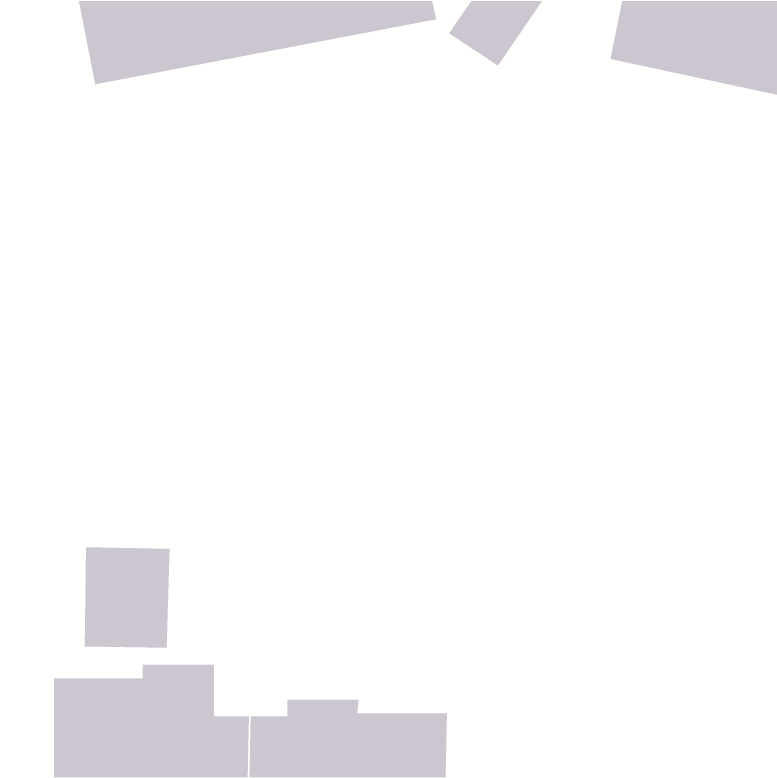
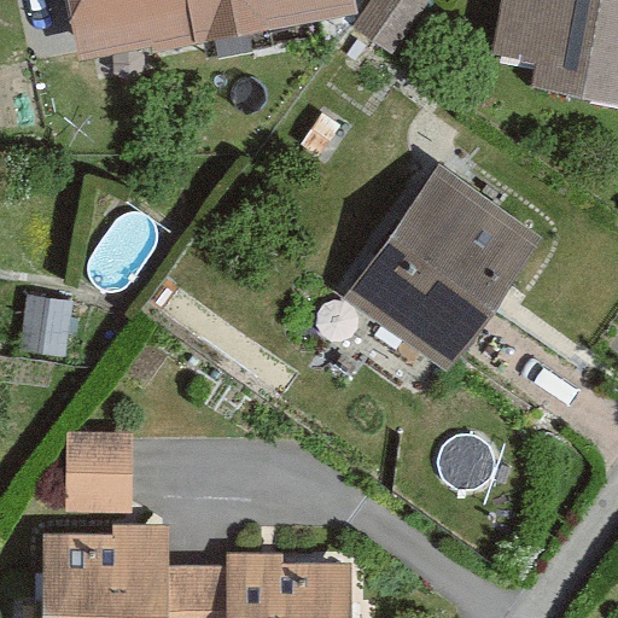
building: none -> [336,159,542,369]

